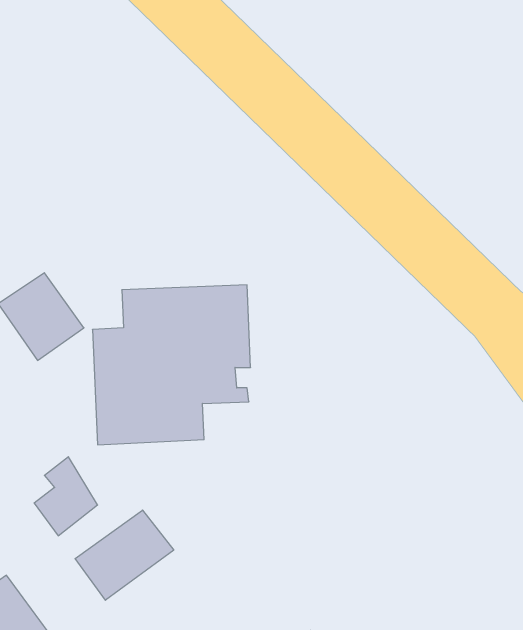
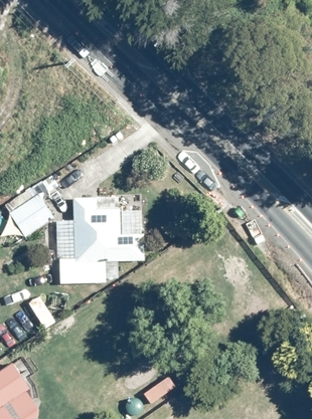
building: [75,510,174,600] -> none

